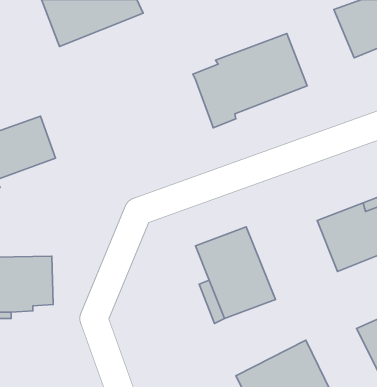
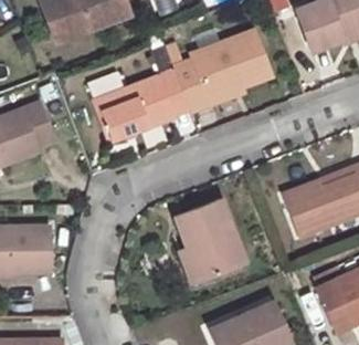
building: none -> [92,70,189,142]

